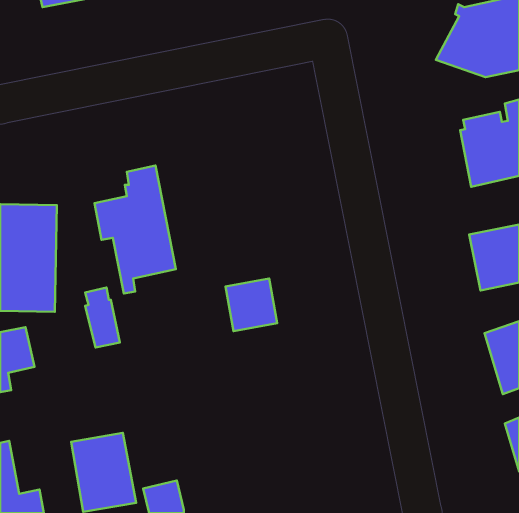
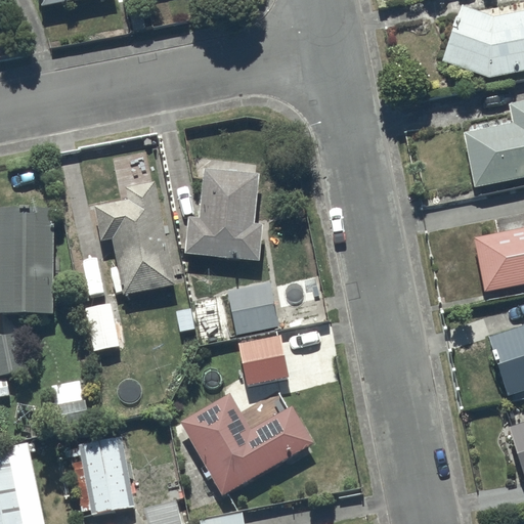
building: none -> [186,167,264,262]
building: none -> [231,329,290,390]
building: none -> [180,392,314,495]

